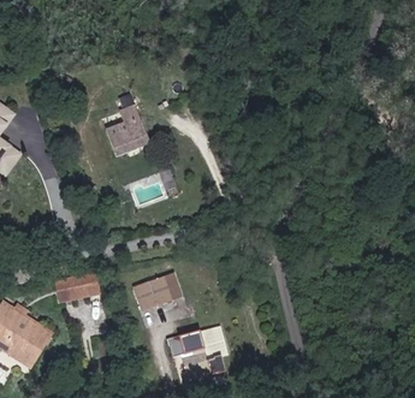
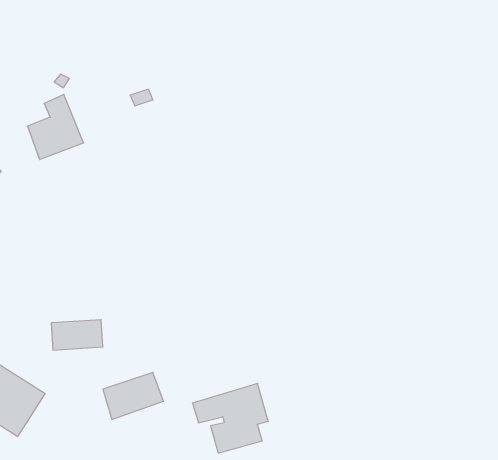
building: [105,105,149,156] -> [27,94,84,160]
building: [134,273,182,310] -> [103,372,164,419]

